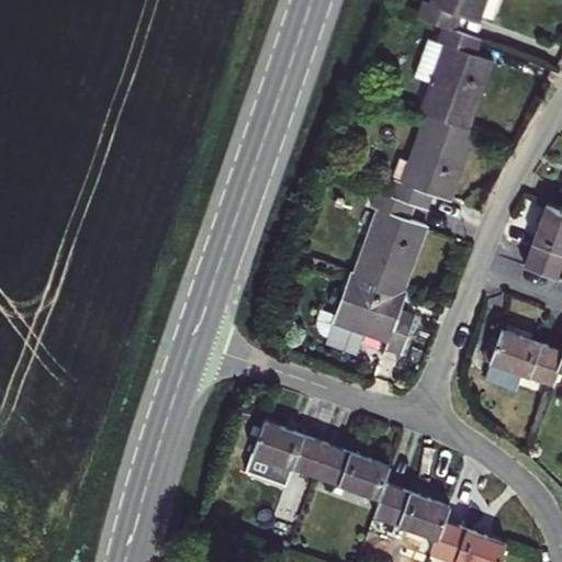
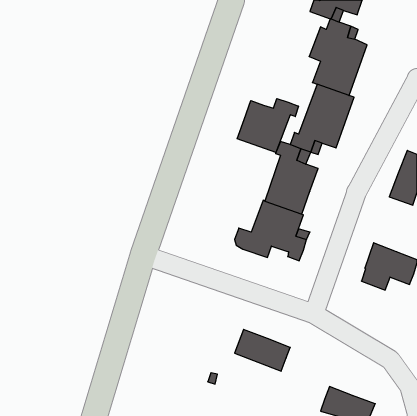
building: none -> [237,99,298,153]
building: [247,422,327,481] -> none
building: [371,483,448,539] -> none

